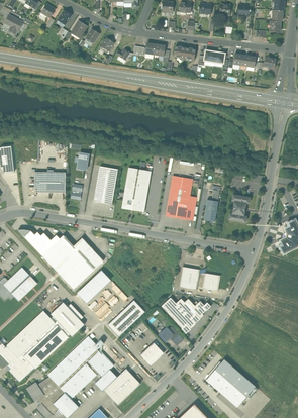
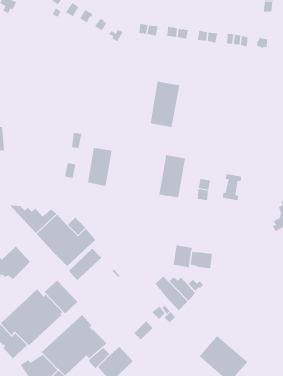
building: [120,168,151,214] -> [150,81,180,127]
building: [27,173,65,196] -> none
building: [107,300,144,337] -> none

